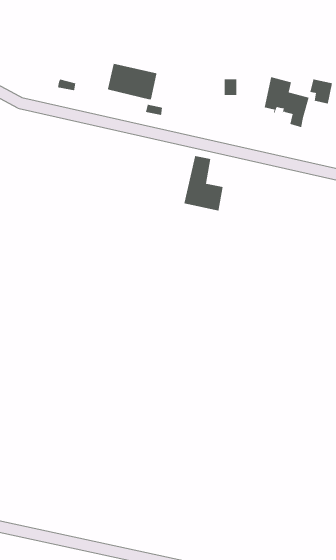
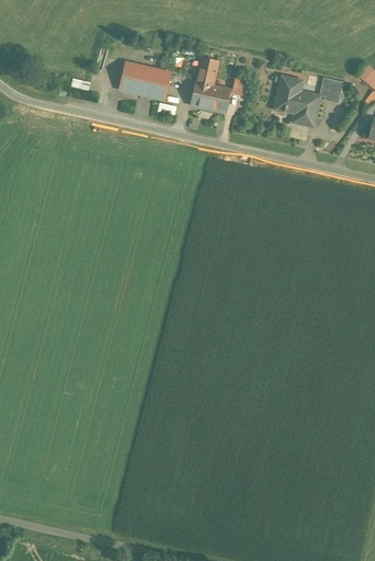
building: [183,156,223,211] -> [190,58,229,113]

